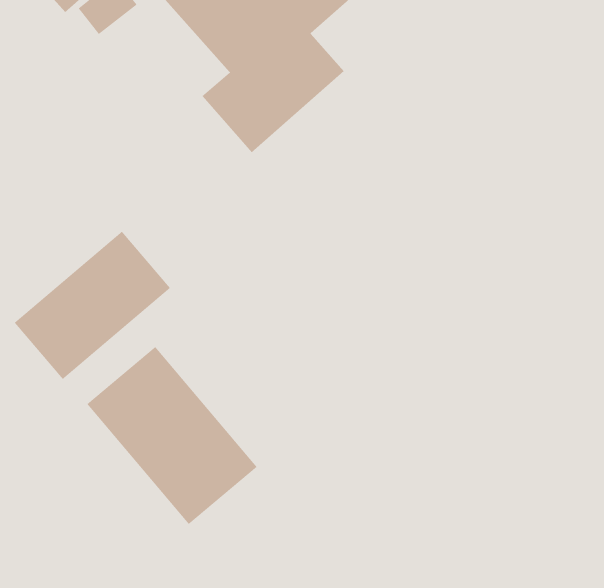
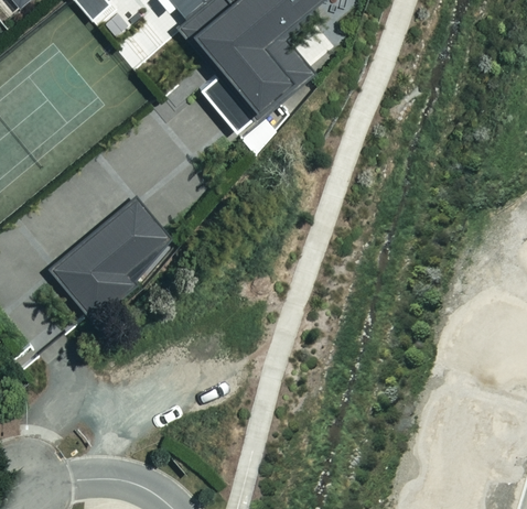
building: [87,346,258,525] -> none

